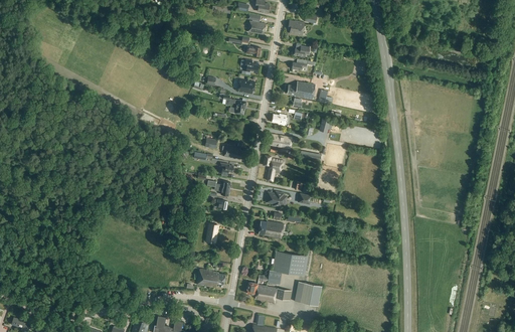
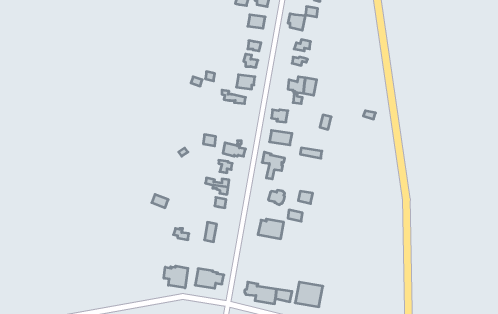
building: [259,250,307,284] -> none
building: none -> [164,266,188,288]

